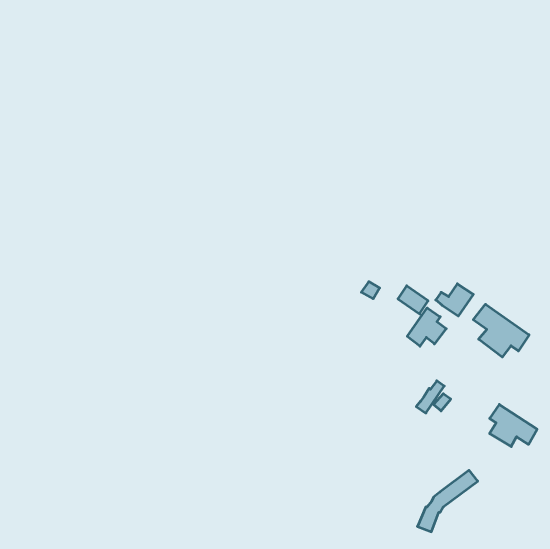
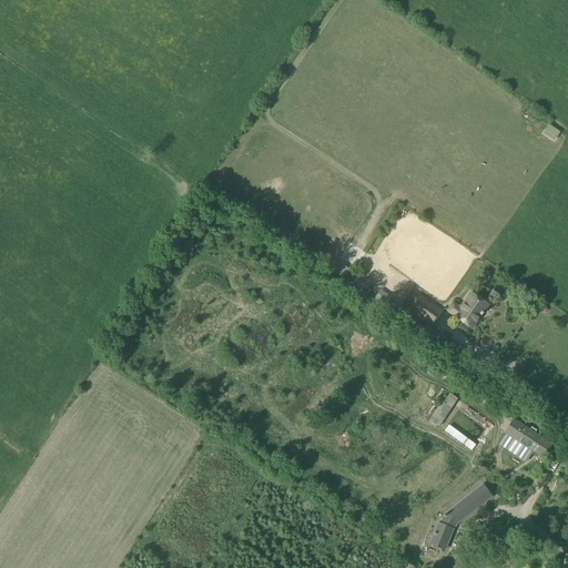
building: [473,304,529,357] -> none
building: [407,308,446,346] -> none

